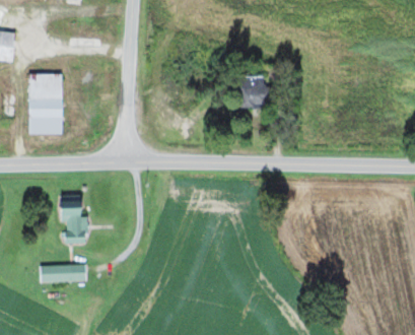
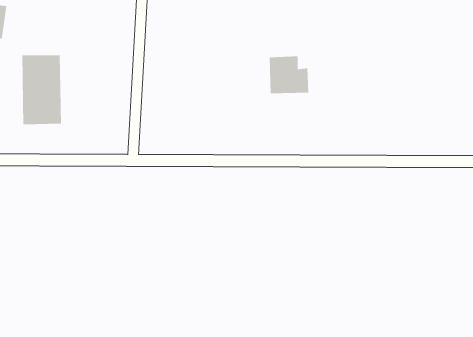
building: [62,194,87,243] -> none
building: [41,264,86,281] -> none

